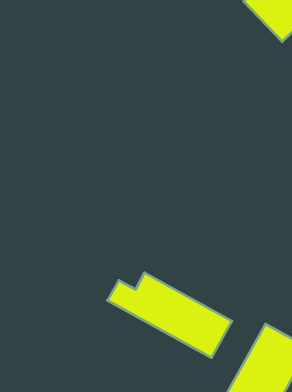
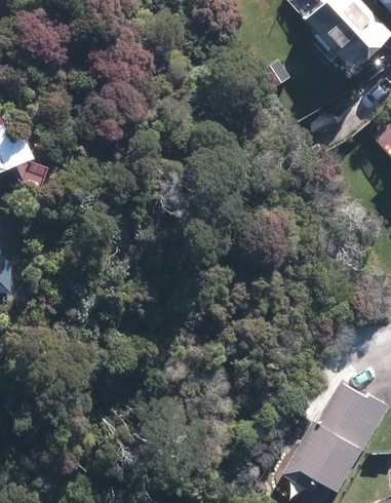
building: [107,273,232,358] -> none

